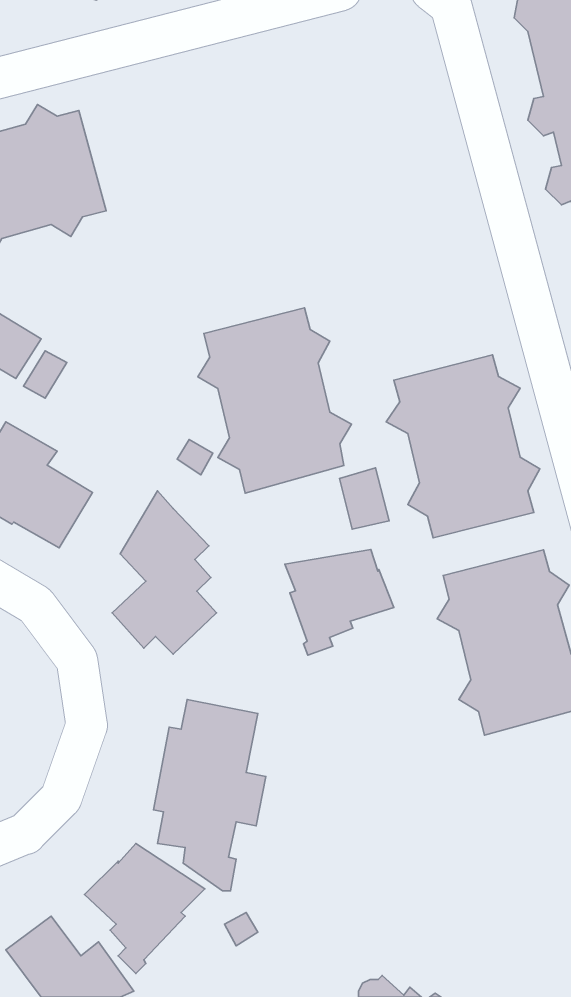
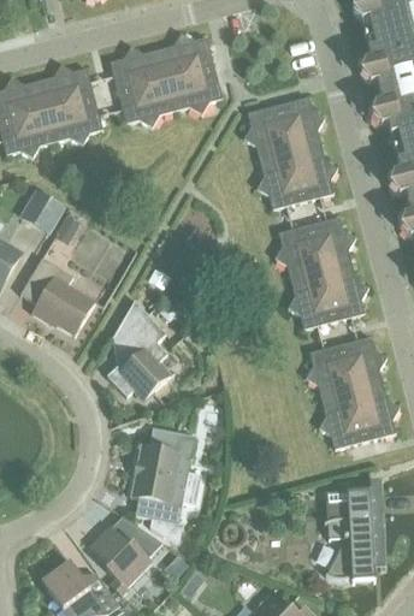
building: none -> [110,32,221,126]
building: [198,308,352,493] -> [243,96,337,209]
building: [340,468,389,529] -> none
building: [285,549,394,655] -> none
building: none -> [324,479,380,581]

